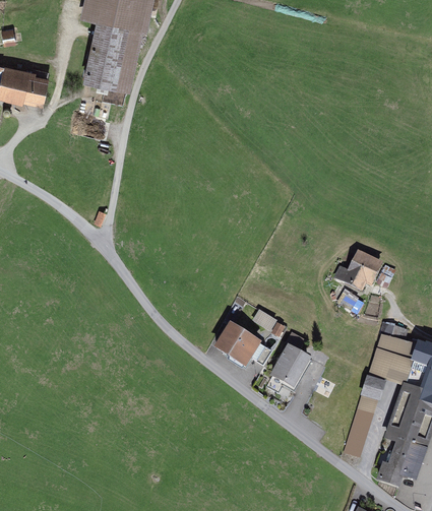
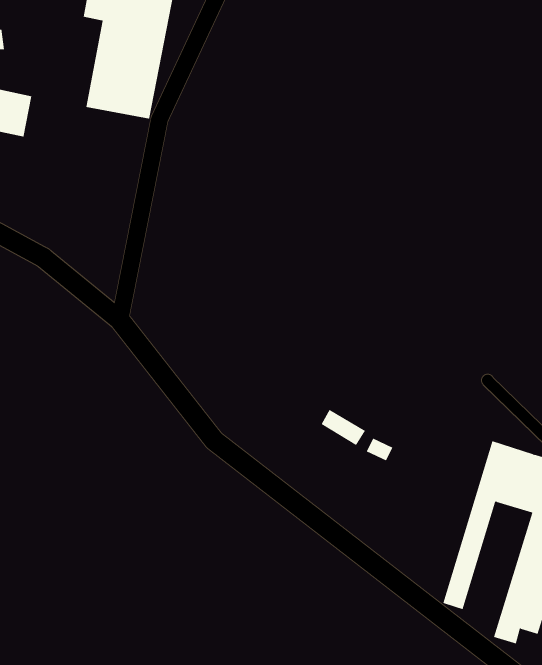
building: [346,250,380,285] -> none
building: [208,323,257,370] -> none
building: [266,344,311,392] -> none

